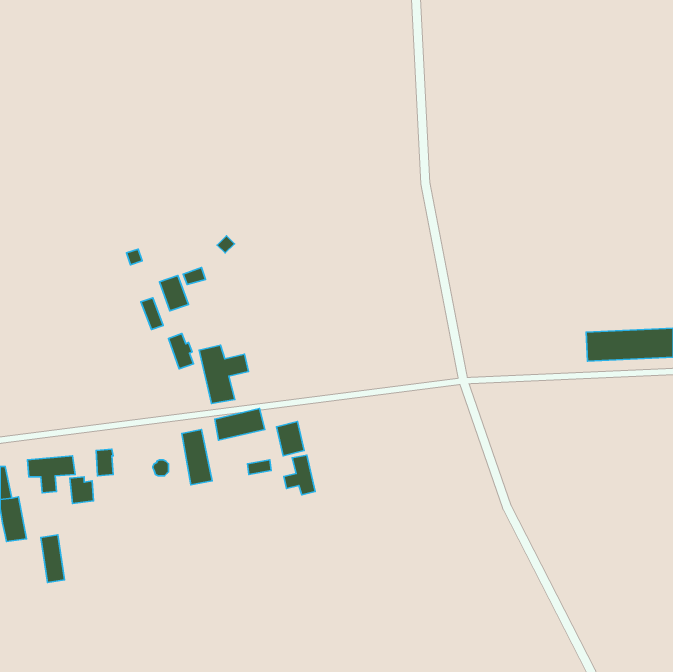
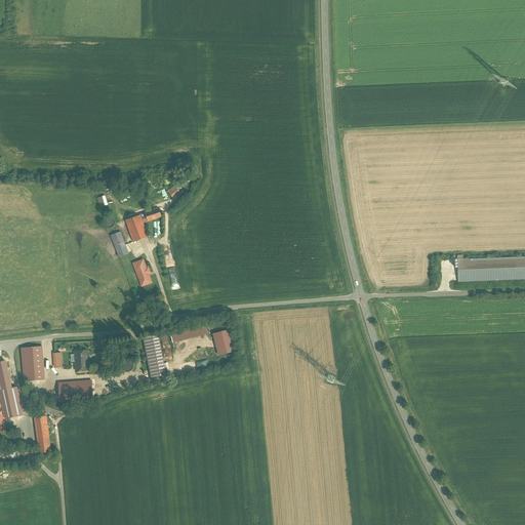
building: [199,345,248,404] -> none
building: [284,455,315,495] -> none

